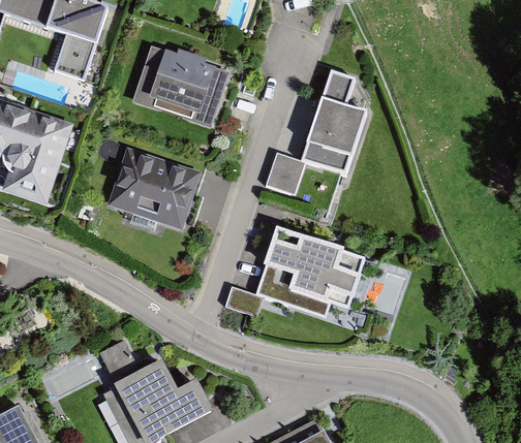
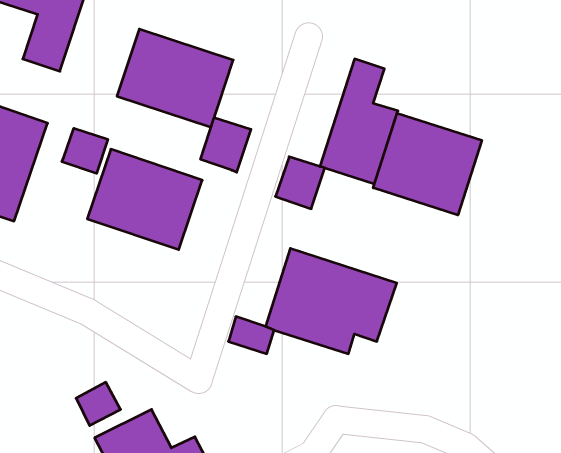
building: none -> [373,113,482,215]
building: none -> [201,117,251,172]
building: none -> [62,128,108,173]

